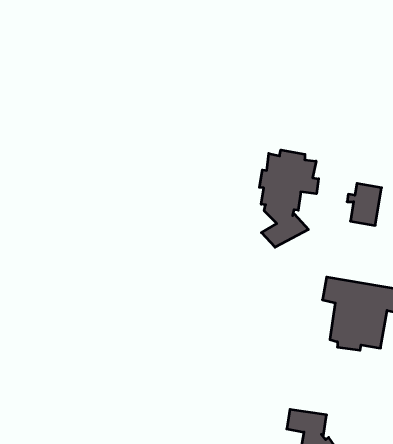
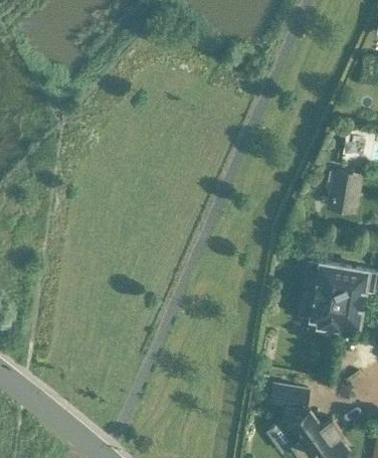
building: [259,150,319,247] -> none

